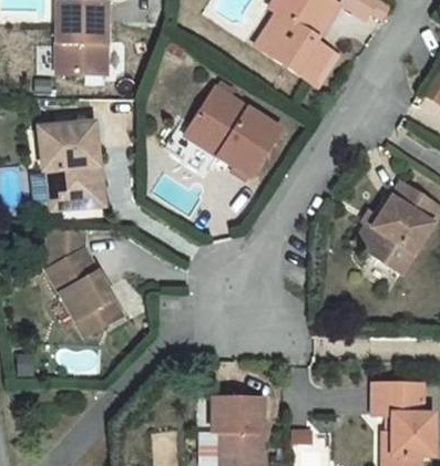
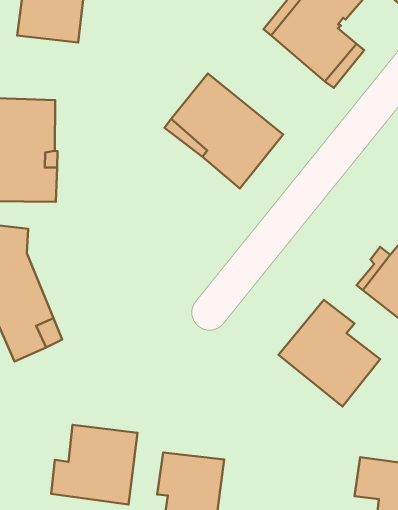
building: none -> [278,300,380,407]
building: none -> [51,425,138,504]

